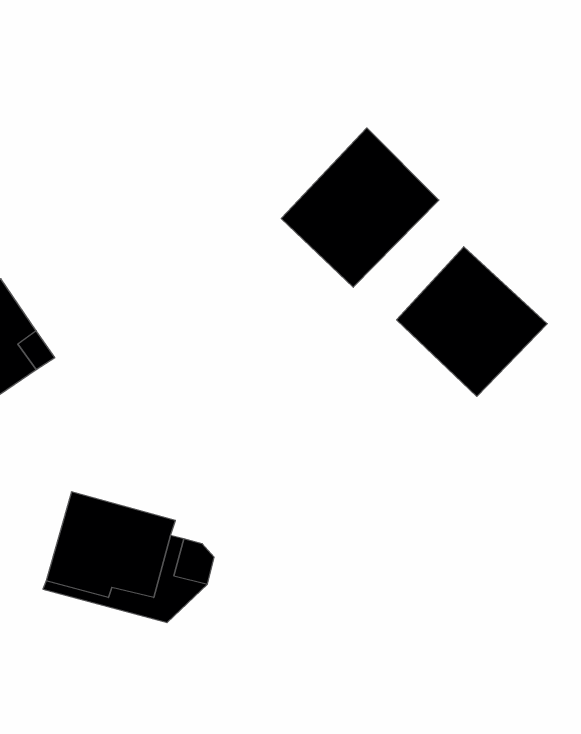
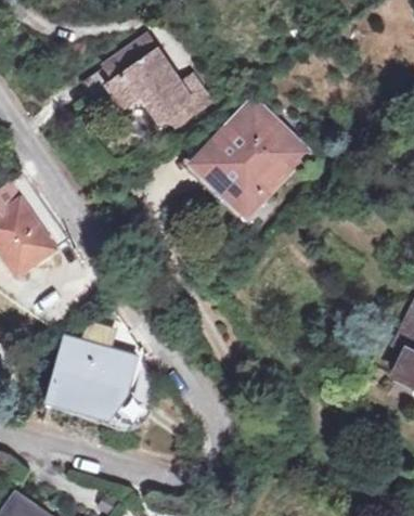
building: none -> [105,34,190,113]
building: [397,247,547,396] -> none

